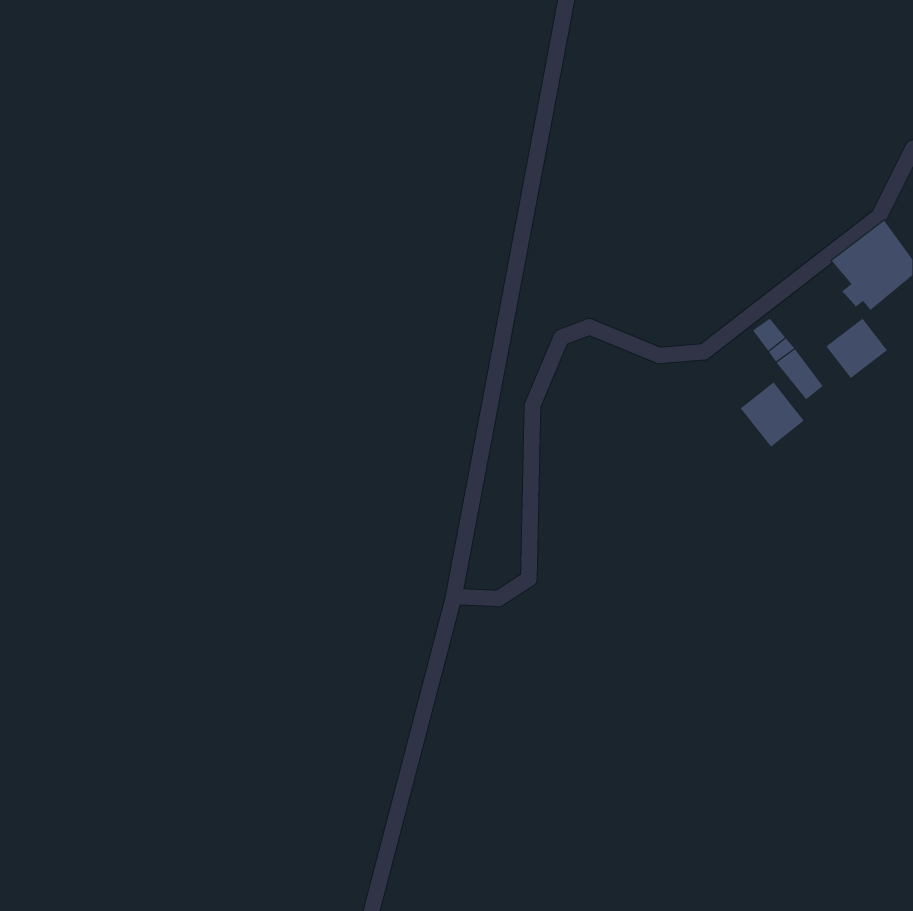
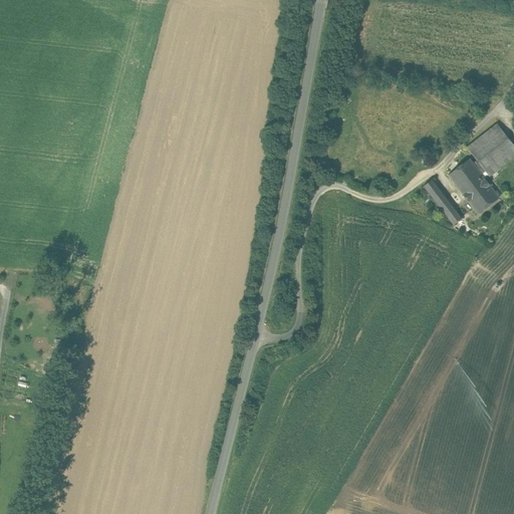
building: none -> [449,159,485,195]
building: [740,381,805,448] -> none

